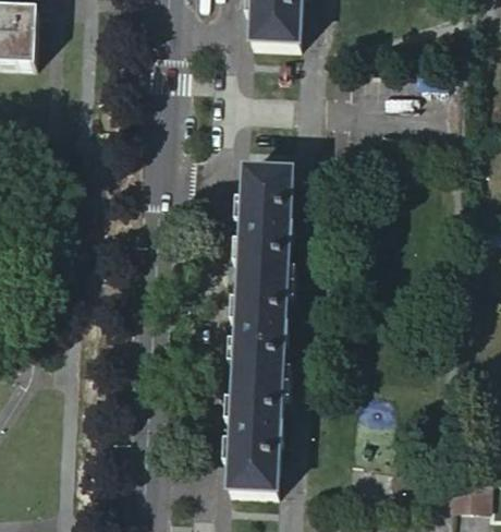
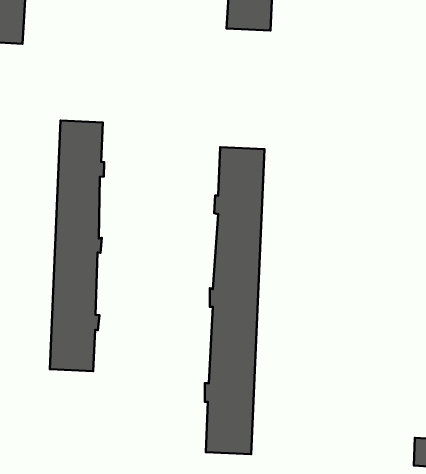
building: none -> [50,121,104,371]

